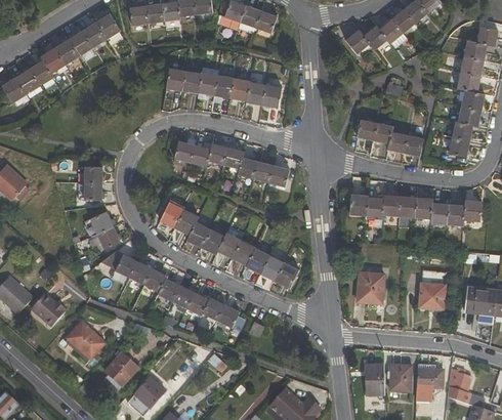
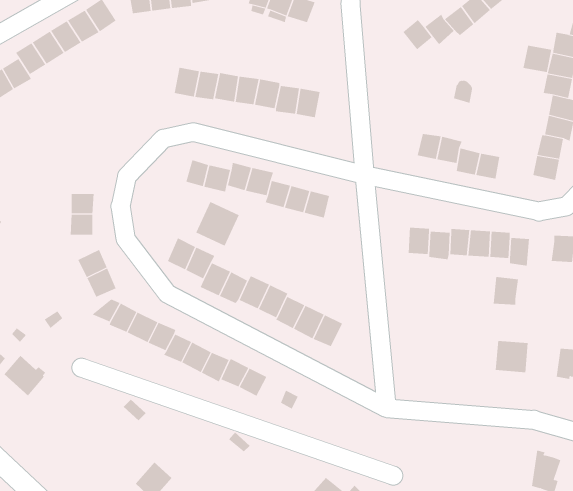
building: none -> [523,45,552,73]
building: none -> [196,201,240,247]
building: [444,203,464,225] -> [493,277,519,305]
building: [357,271,384,303] -> none
building: [67,324,103,360] -> none
building: [104,353,136,387] -> none
building: [364,364,384,394] -> none
building: [389,365,411,390] -> none
building: [416,368,443,387] -> none

